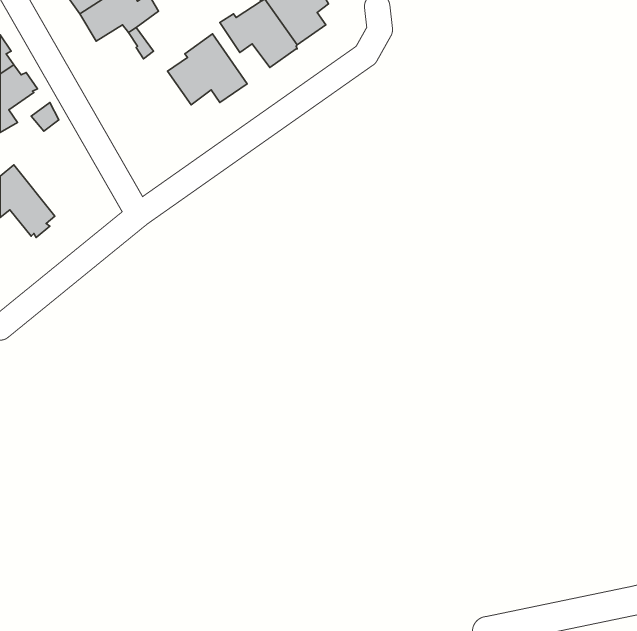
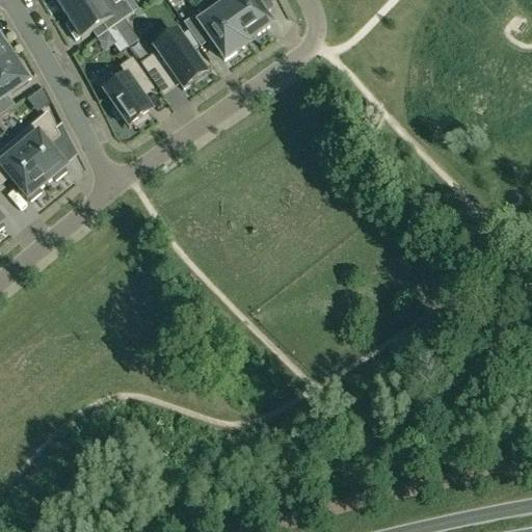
building: none -> [100,54,153,124]
building: none -> [12,108,68,180]

